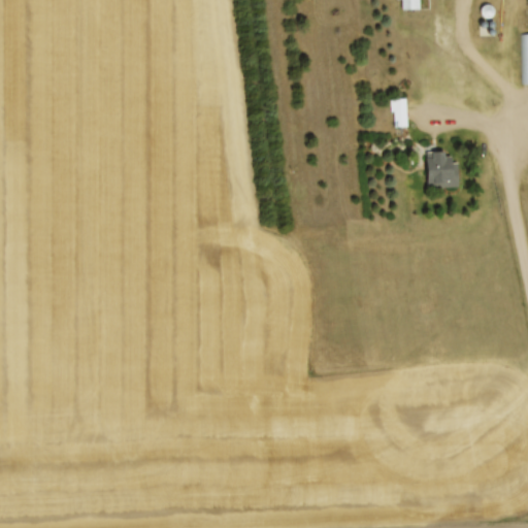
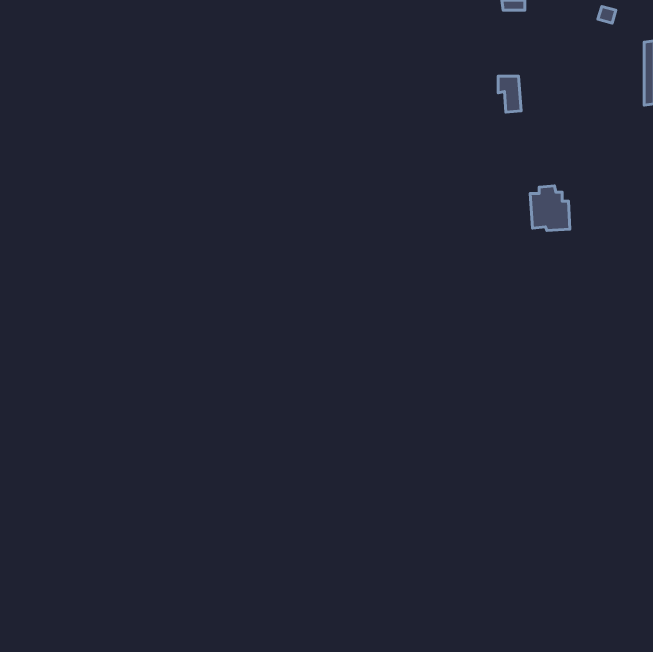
building: [392,99,410,128] -> [498,76,521,112]

